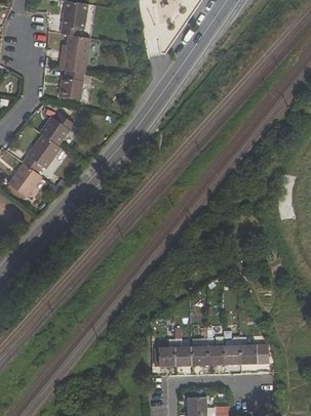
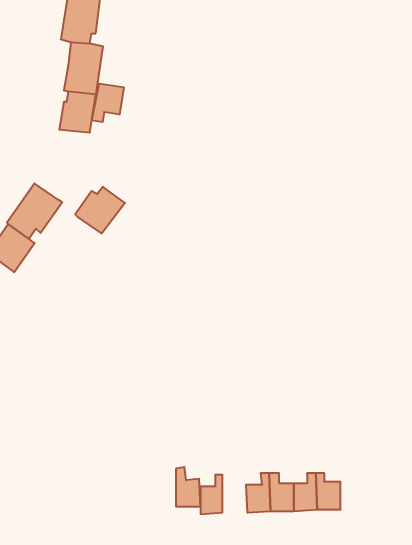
building: none -> [92,84,124,122]
building: [39,113,74,145] -> [75,187,125,233]
building: [173,338,191,366] -> [176,467,201,506]

